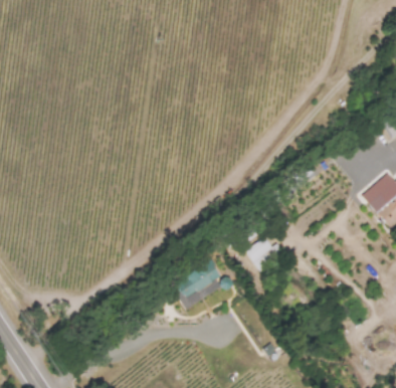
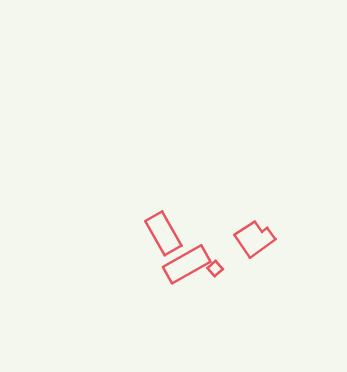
building: none -> [145,211,182,255]

